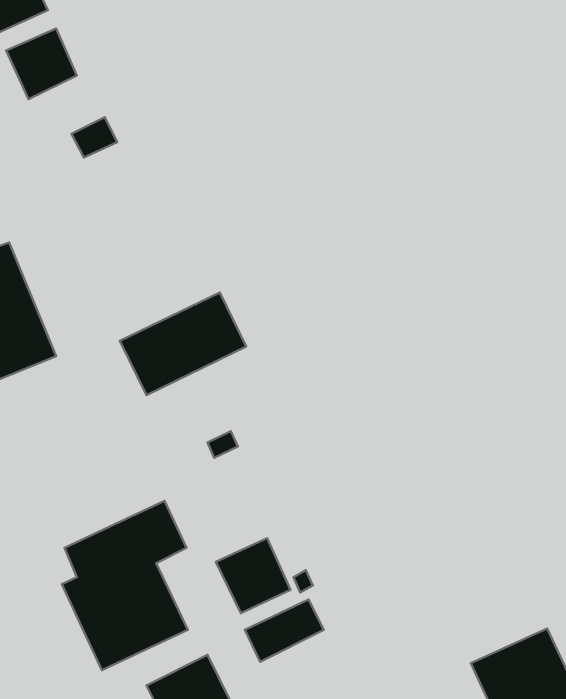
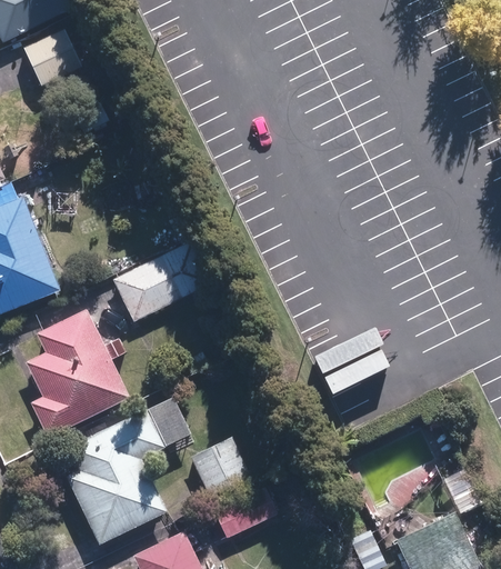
building: none -> [26,310,130,438]

